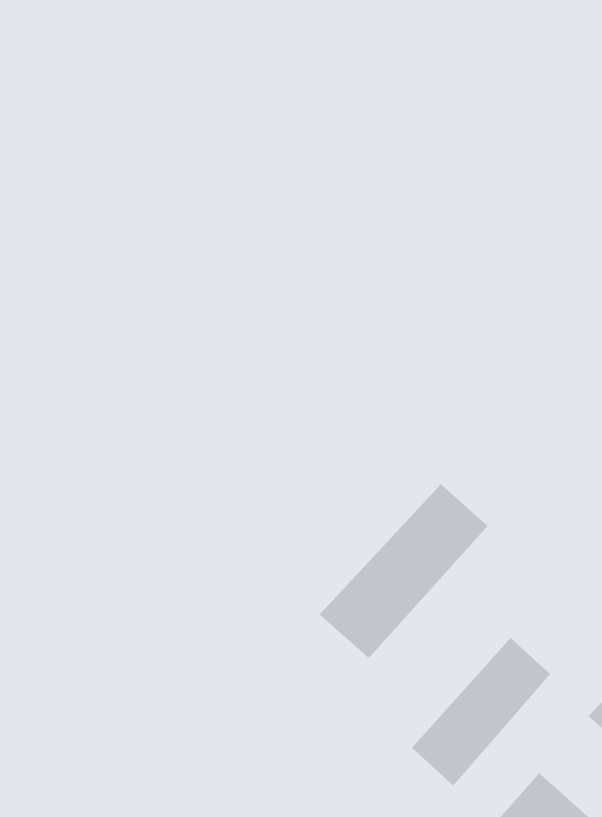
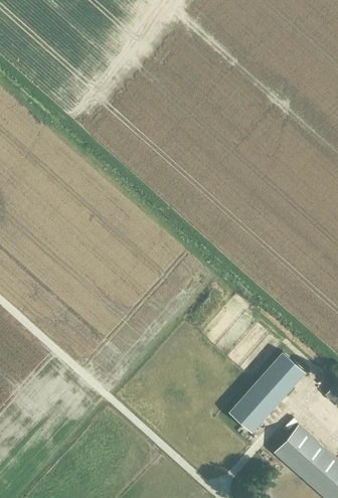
building: [319,483,488,659] -> none

